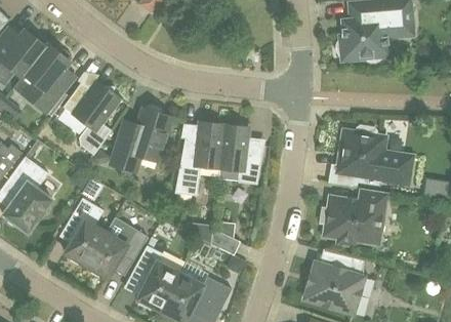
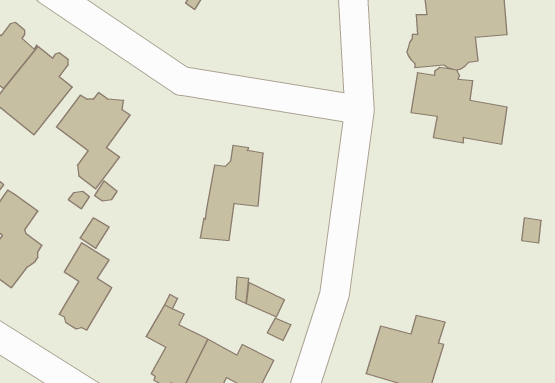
building: [110,104,171,171] -> none
building: [218,125,264,184] -> none
building: [338,125,413,185] -> [411,68,507,144]
building: [320,188,387,245] -> none
building: [86,217,148,277] -> none

